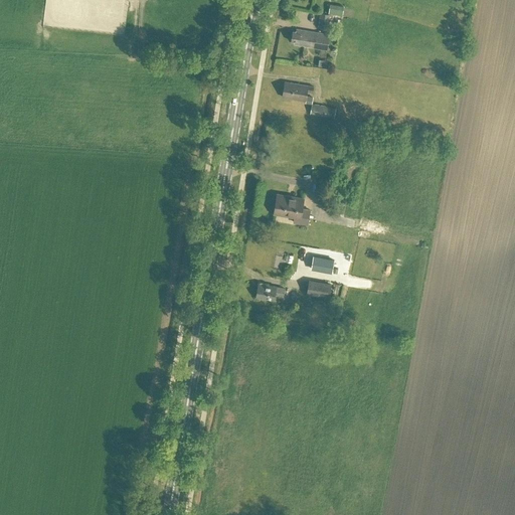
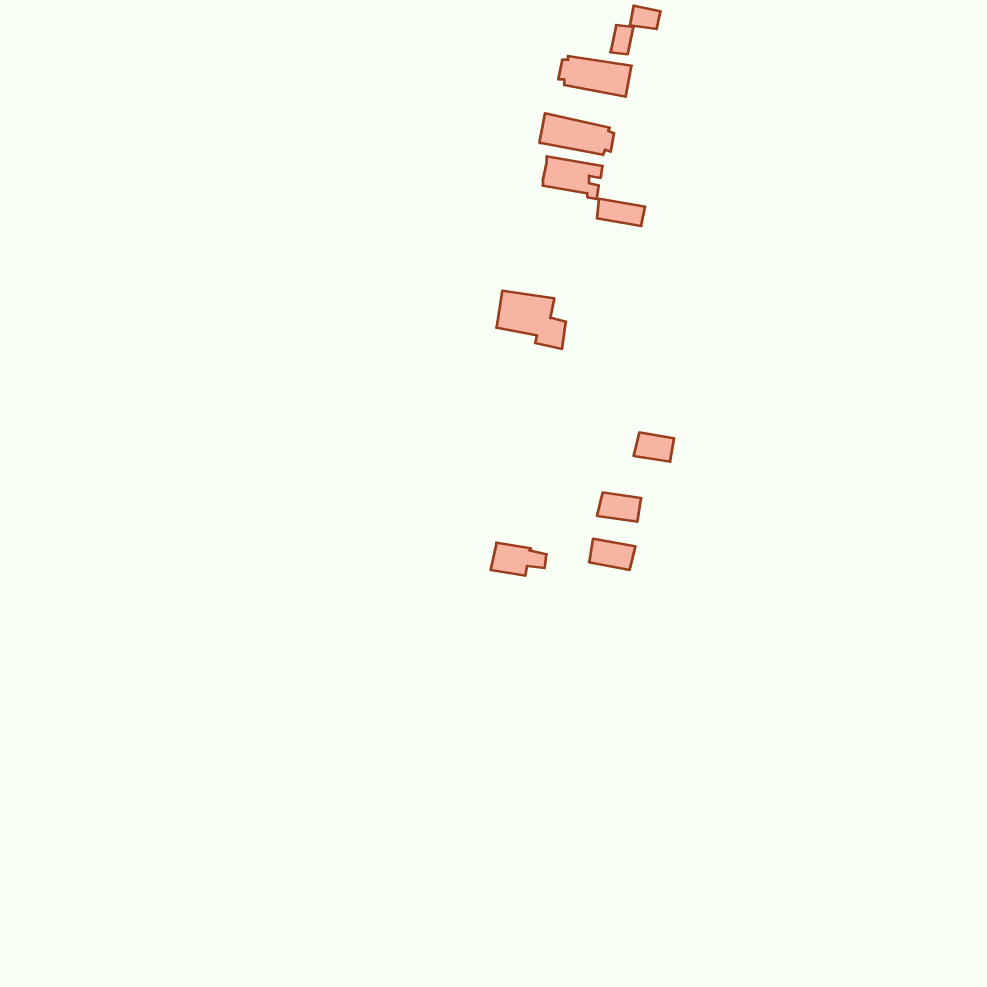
building: none -> [540,113,614,155]
building: [274,194,310,224] -> [496,291,566,349]

